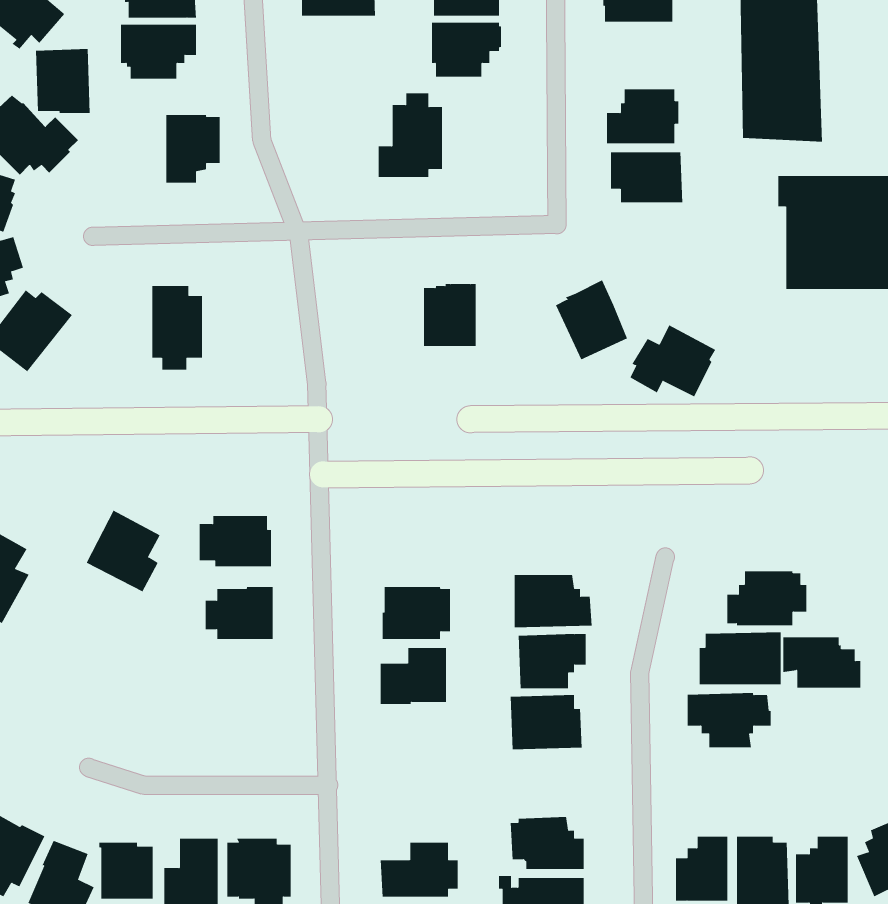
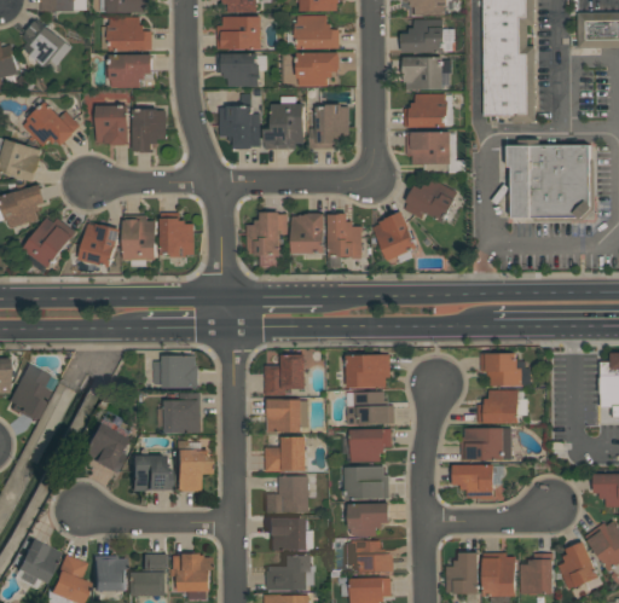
building: none -> [215,52,260,86]
building: none -> [403,56,450,89]
building: [35,49,90,114] -> [94,104,128,144]
building: none -> [307,104,348,143]
building: none -> [218,105,259,147]
building: none -> [160,211,193,256]
building: none -> [245,211,287,266]
building: none -> [328,213,360,257]
building: none -> [77,222,120,267]
building: [630,324,716,397] -> [403,176,456,221]
building: [86,510,161,592] -> [79,423,125,474]
building: none -> [262,353,305,396]
building: none -> [345,354,388,387]
building: [783,637,861,688] -> [480,353,528,384]
building: none -> [174,440,208,492]
building: none -> [129,451,169,491]
building: none -> [262,475,307,514]
building: none -> [347,503,388,537]
building: none -> [265,518,310,550]

